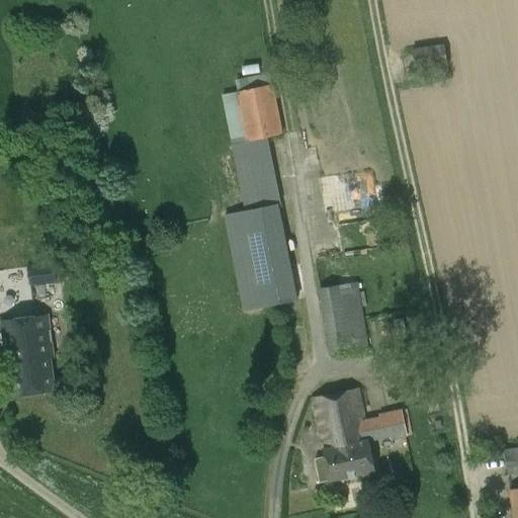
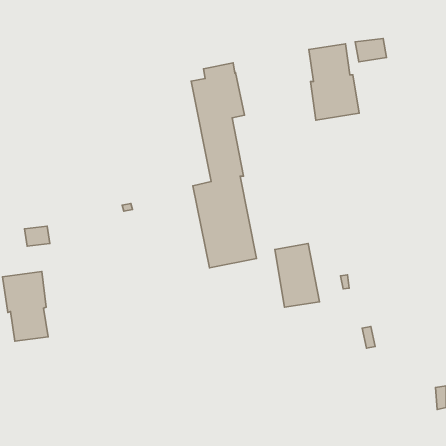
building: none -> [309,44,359,120]
building: [312,390,408,483] -> none

